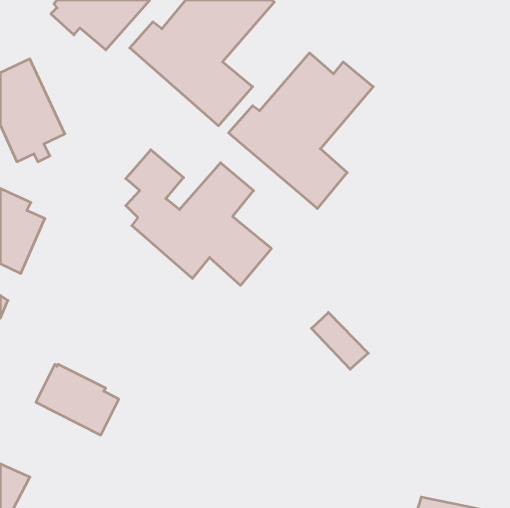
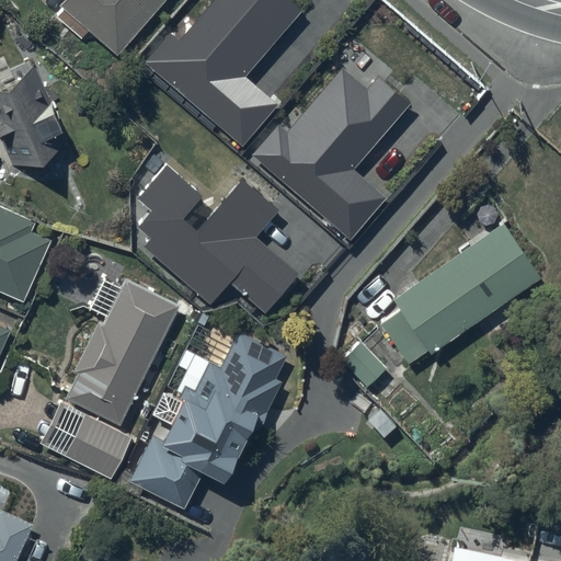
building: none -> [380,226,539,365]
building: none -> [64,280,176,428]
building: none -> [129,340,277,508]

